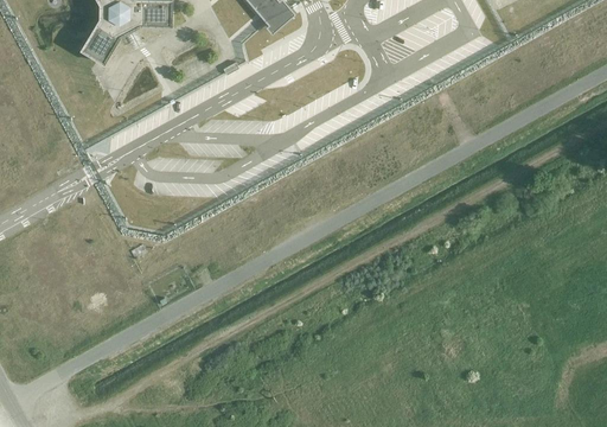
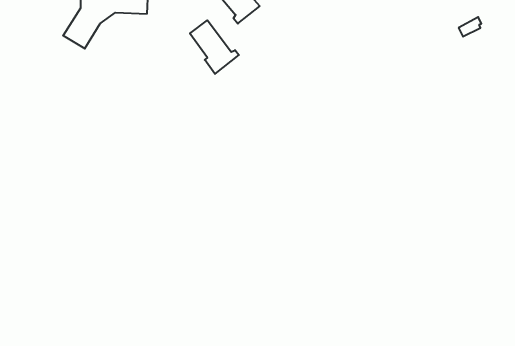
building: none -> [190,20,239,74]

